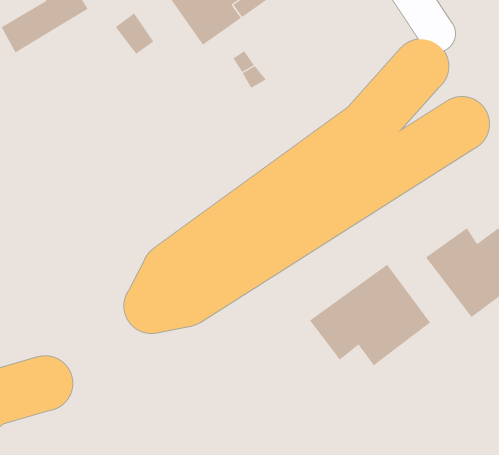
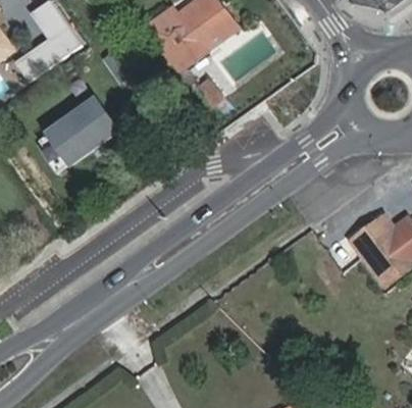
building: none -> [48,95,120,162]
building: [309,264,431,366] -> none

